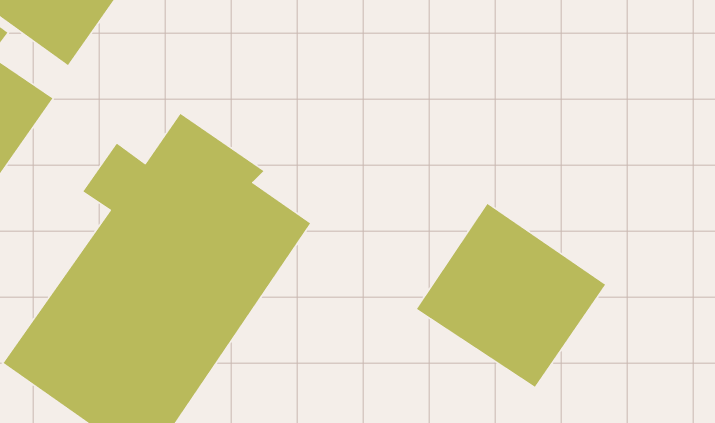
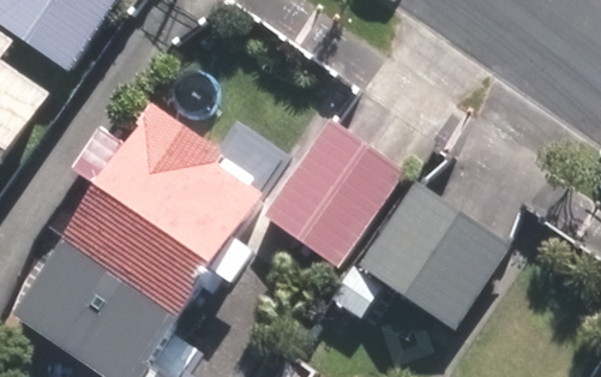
building: none -> [257,116,402,268]

